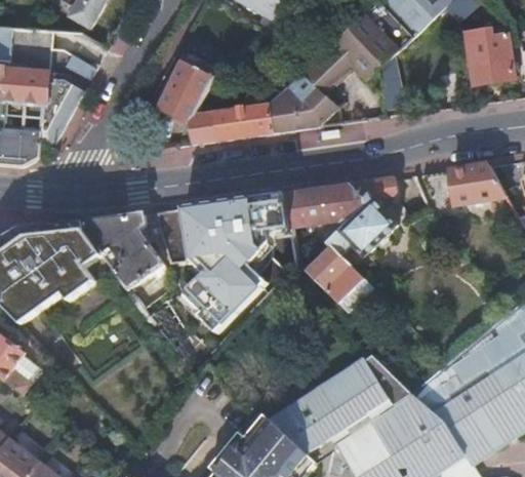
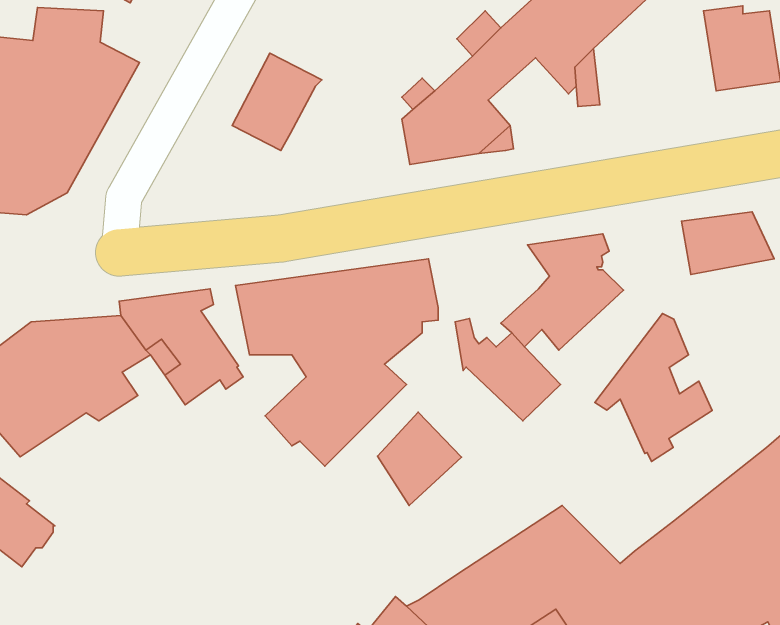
building: [187,100,271,144] -> none
building: [283,185,362,226] -> none
building: none -> [595,313,712,462]
building: none -> [377,412,461,506]

